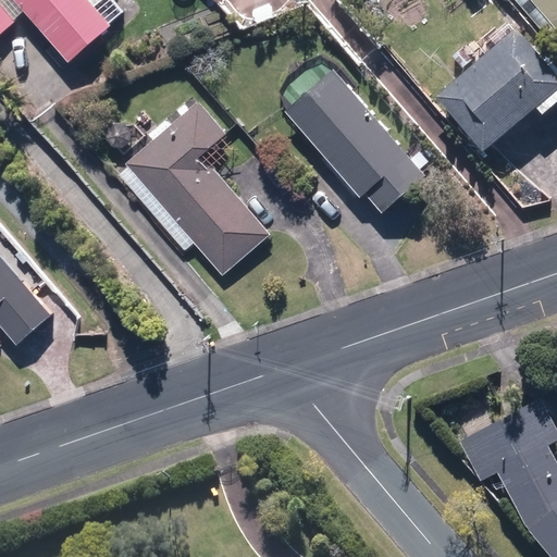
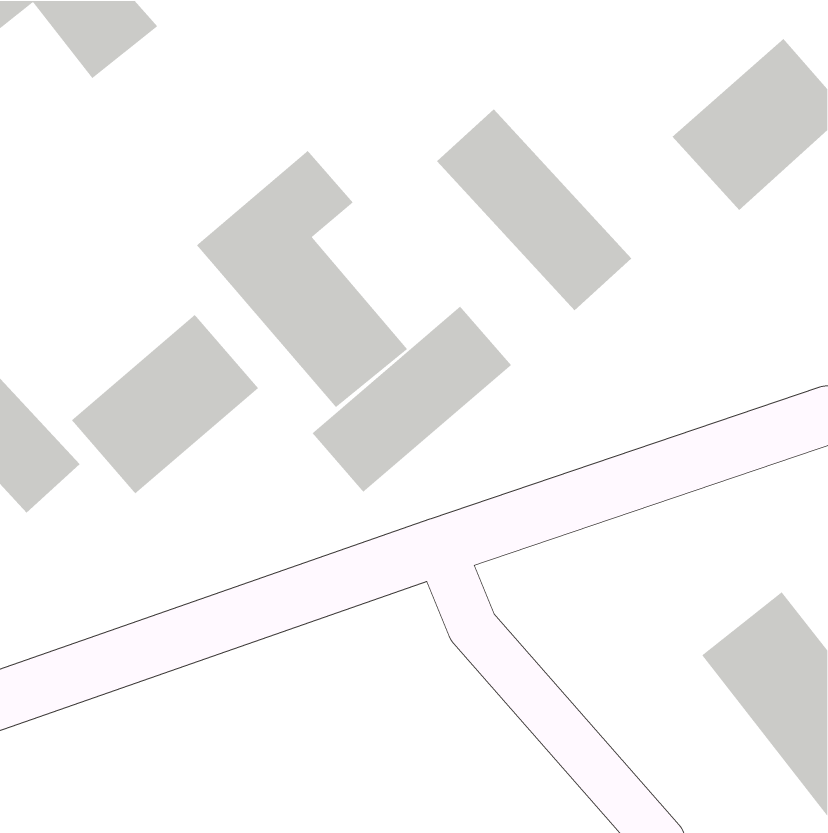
building: none -> [312,305,512,493]
building: none -> [71,314,259,494]

